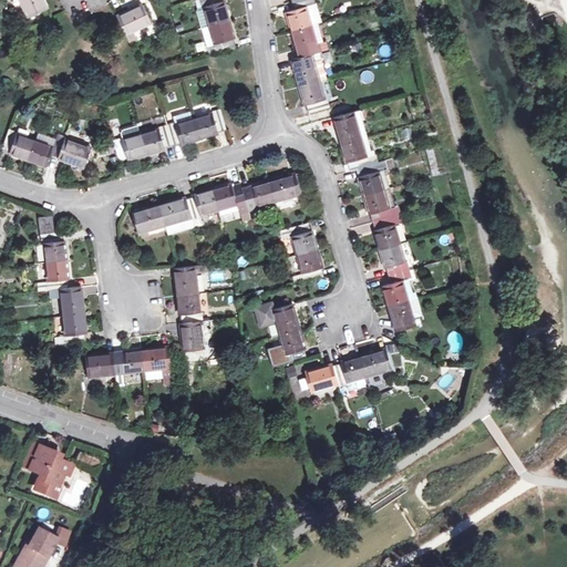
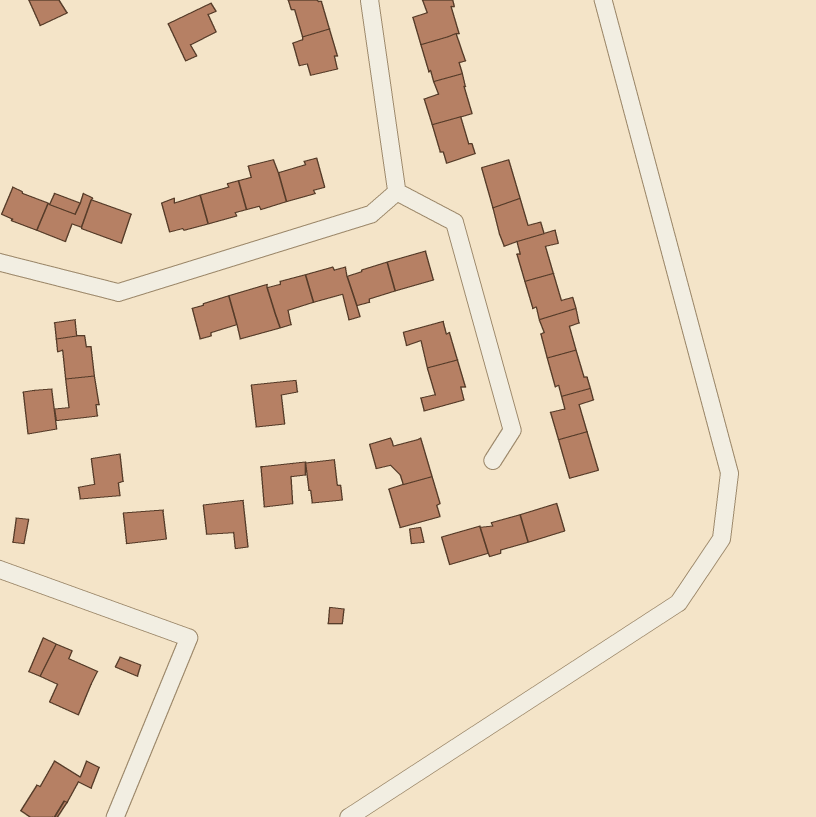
building: [60,287,83,318] -> [23,389,57,434]
building: [177,293,203,323] -> [306,460,342,503]
building: [113,350,143,383] -> none

